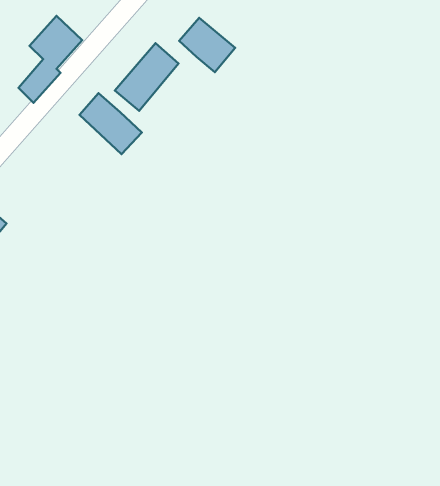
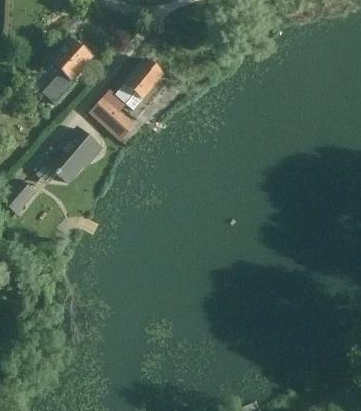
building: [179,18,235,72] -> none
building: none -> [46,127,99,182]

